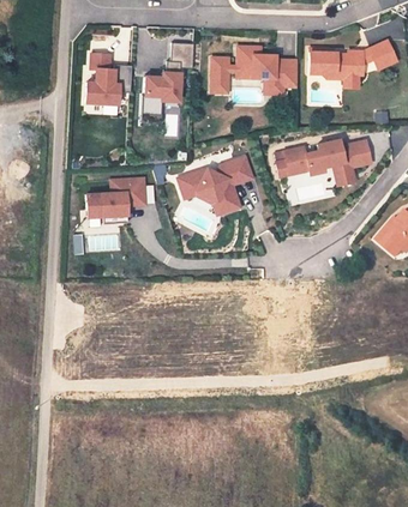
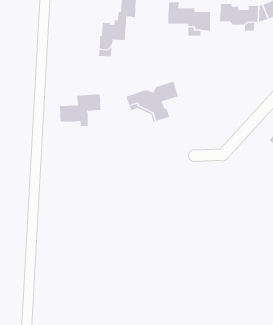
building: [84,50,131,102] -> none
building: [211,58,236,92] -> none
building: [284,140,370,176] -> none

